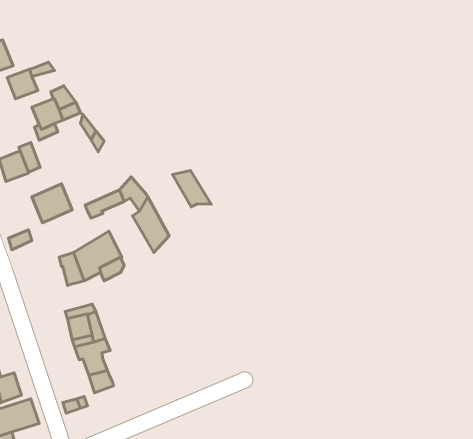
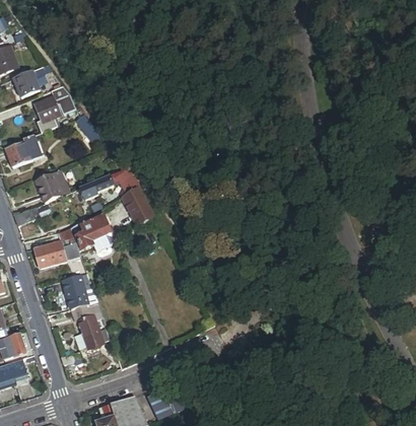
building: [172,171,211,207] -> none
building: none -> [32,240,65,268]

